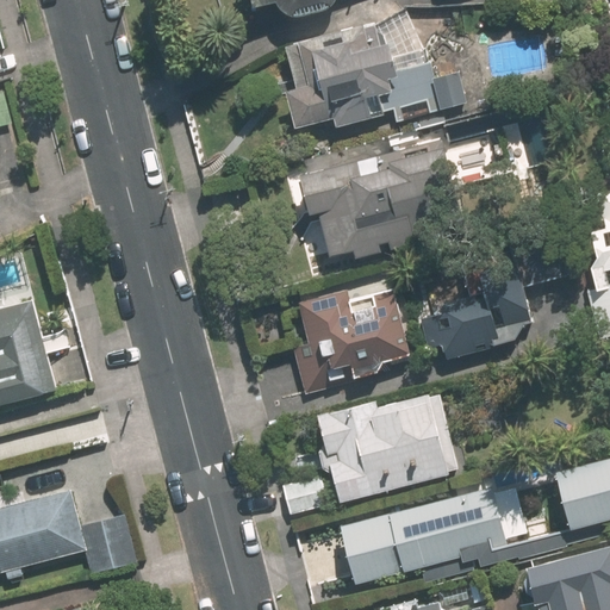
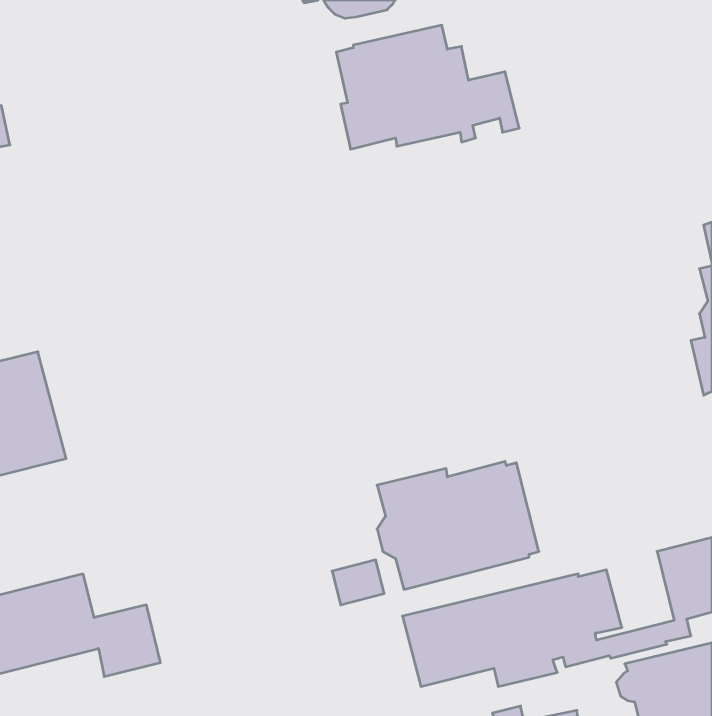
building: [303,139,466,257] -> none
building: [419,257,530,360] -> none
building: [292,280,411,396] -> none

